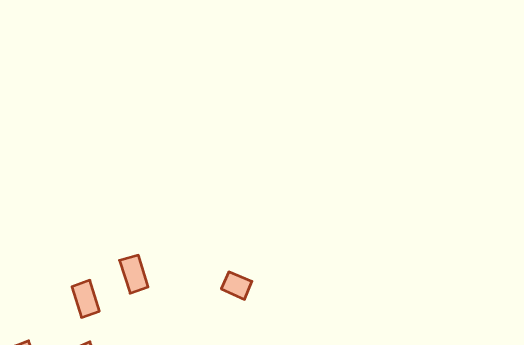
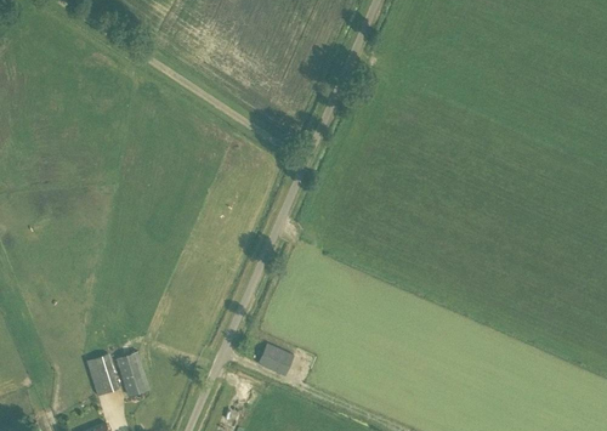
building: [119,255,148,293] -> [115,352,148,396]

